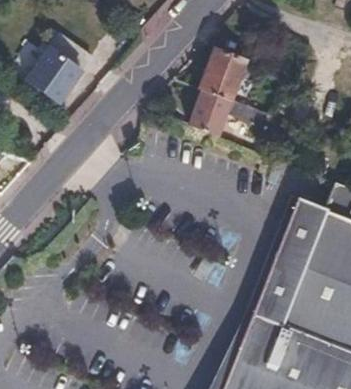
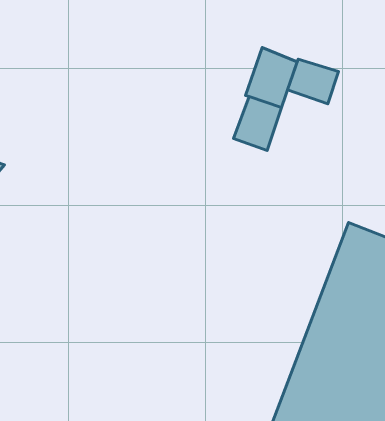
building: [25,29,90,100] -> none
building: none -> [287,59,338,104]

